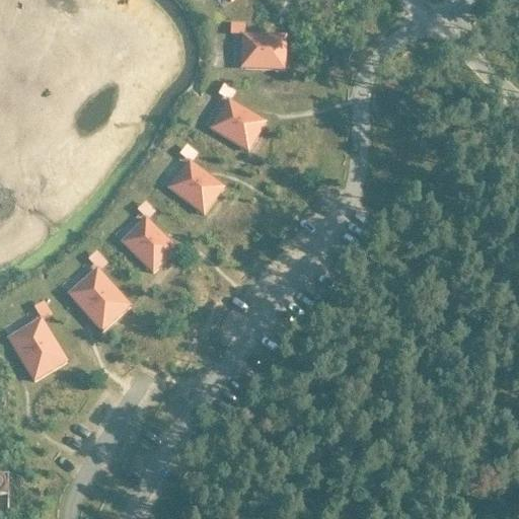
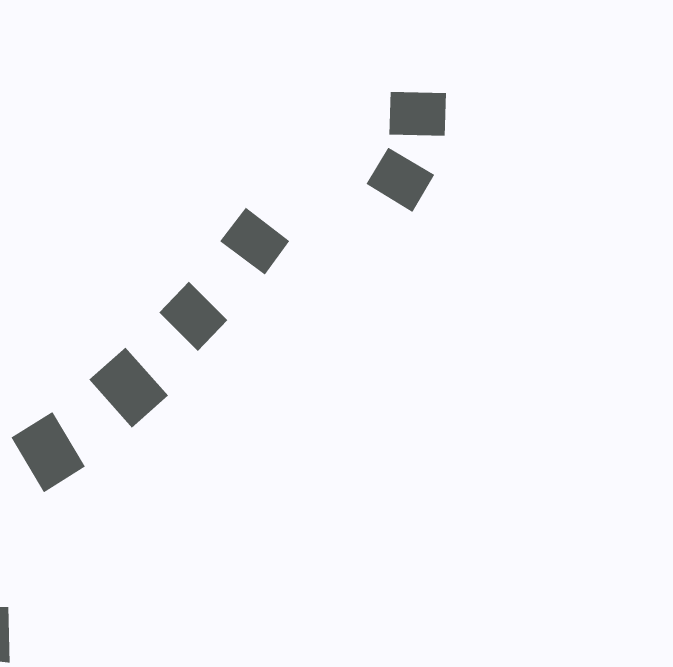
building: [240,32,285,67] -> [389,91,447,136]
building: [211,98,265,149] -> [365,147,435,213]

